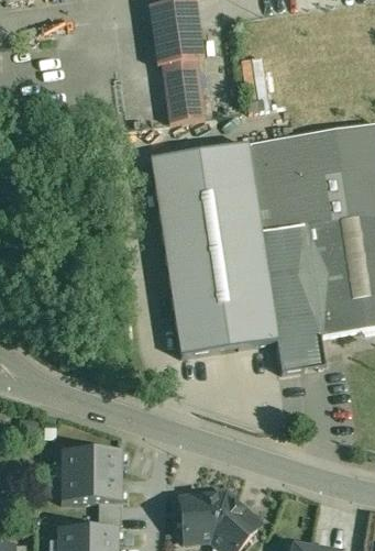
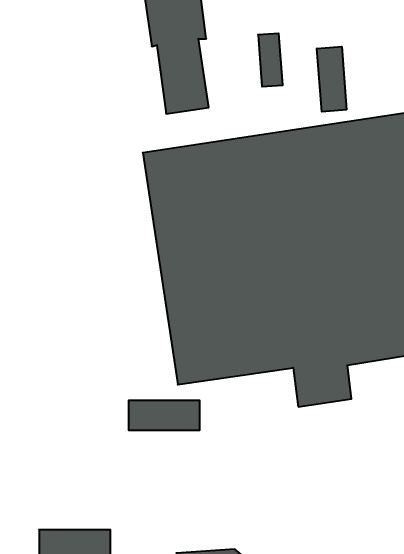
building: none -> [317,47,346,112]
building: [62,450,122,475] -> [129,400,200,430]

